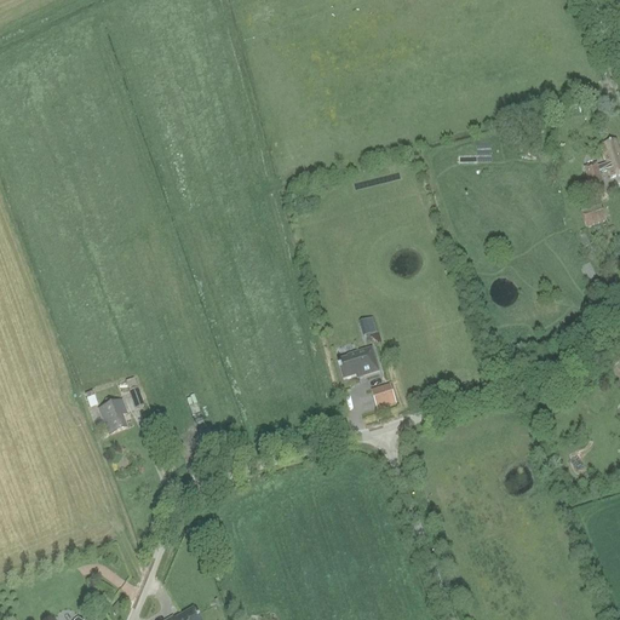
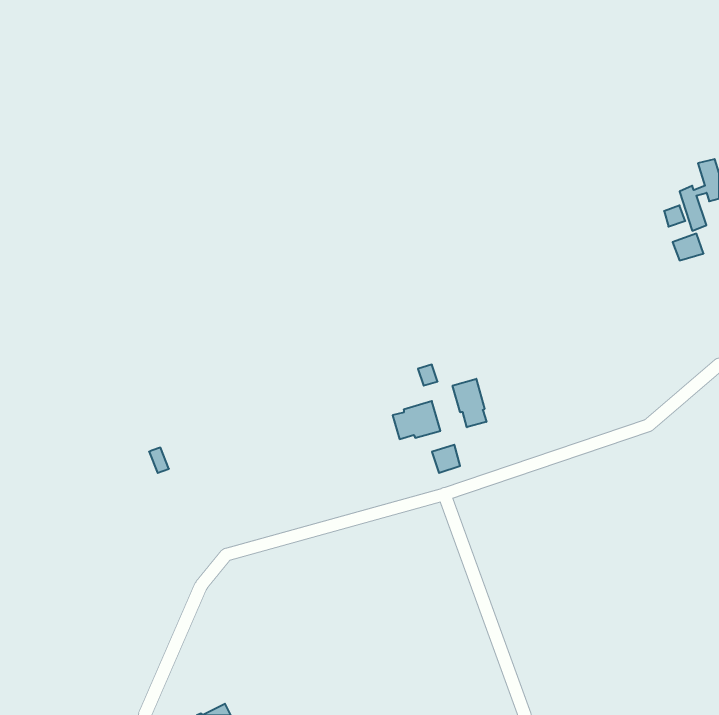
building: none -> [453,379,486,427]
building: [98,397,127,432] -> none

